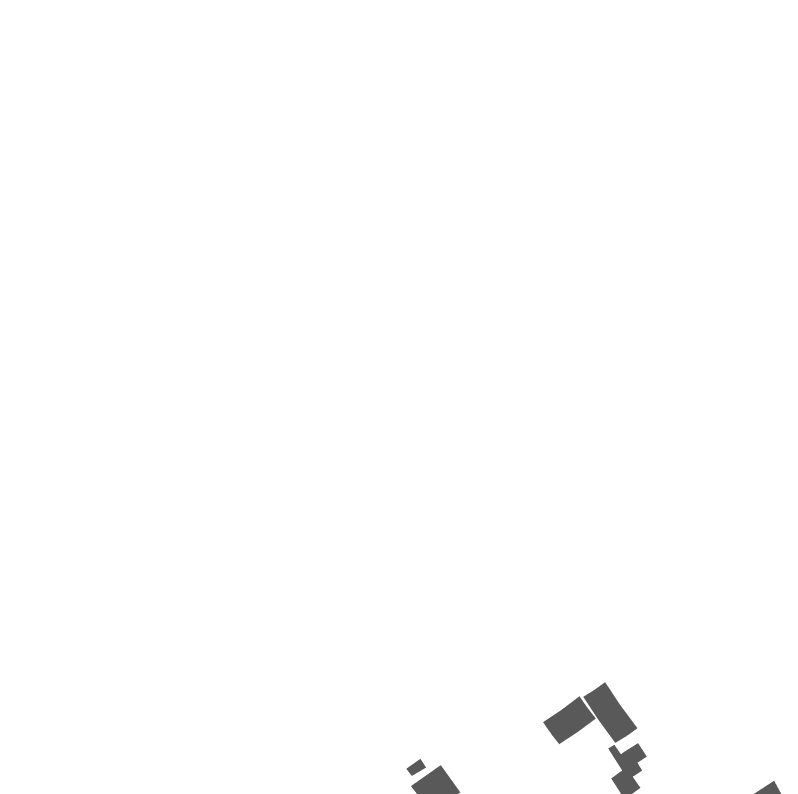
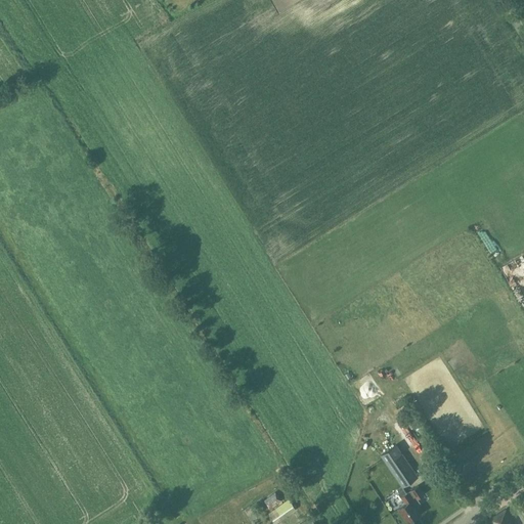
building: [542,695,597,745] -> none

